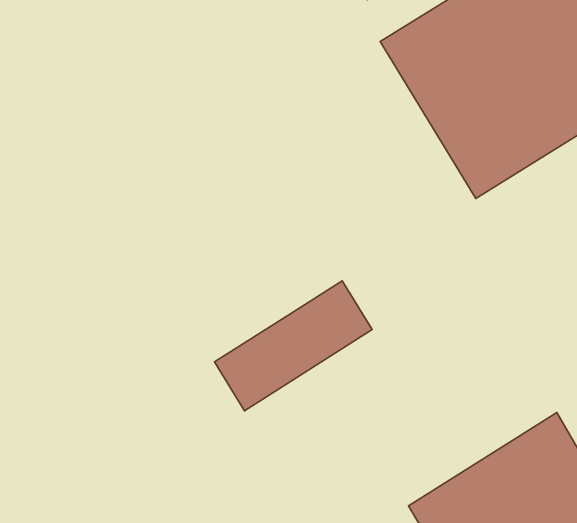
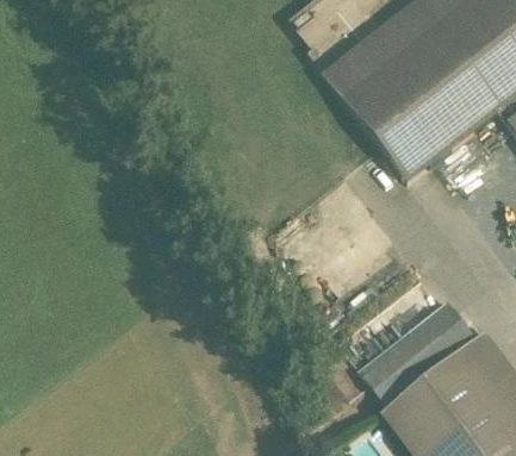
building: [215,281,372,411] -> [356,298,470,401]

